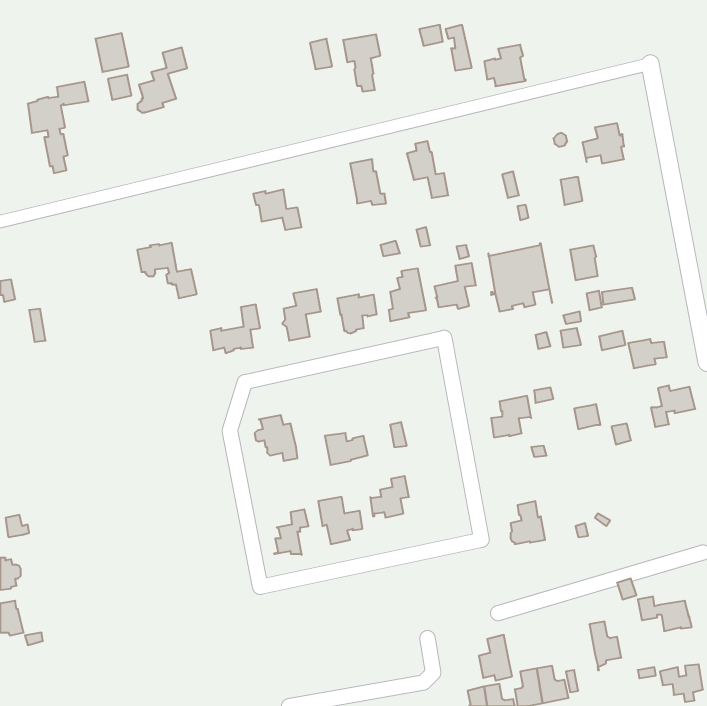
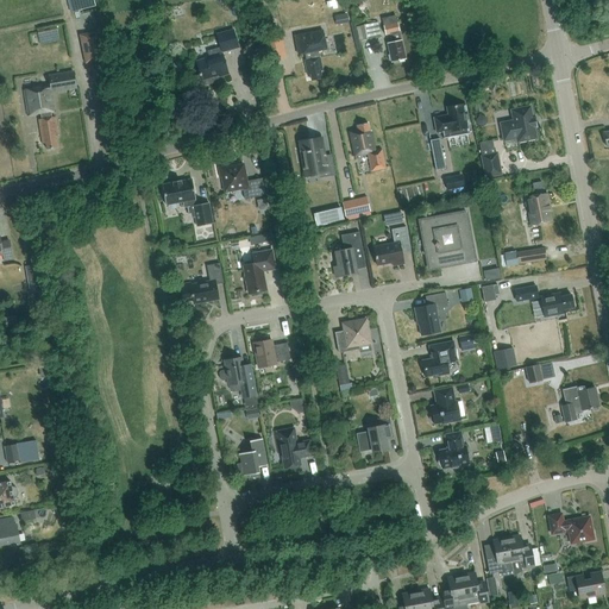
building: [484,45,526,86] -> [434,102,470,138]
building: [137,47,187,112] -> [195,27,238,83]
building: [137,243,197,298] -> [162,178,213,226]
building: [570,246,598,280] -> [527,194,551,224]
building: [337,294,376,334] -> none
building: none -> [414,291,448,334]
building: none -> [334,319,371,351]
building: [651,385,695,427] -> [561,385,599,421]
building: [325,433,368,465] -> [253,339,290,366]
building: none -> [431,387,460,423]
building: [370,476,409,518] -> [359,415,393,451]
building: [479,635,512,681] -> [485,536,514,576]

